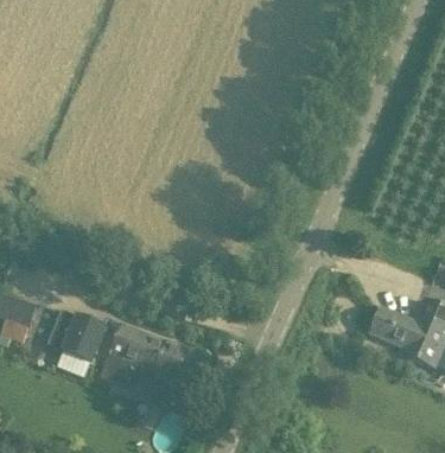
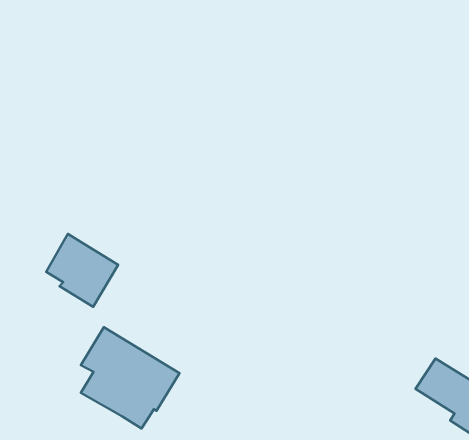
building: [49,307,103,361] -> [46,234,118,307]

